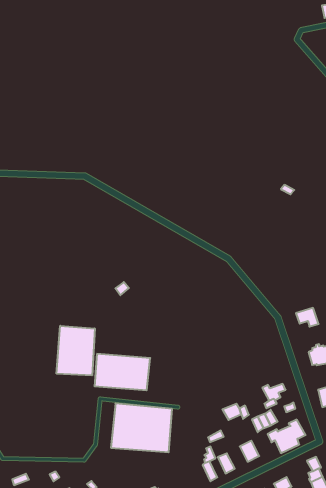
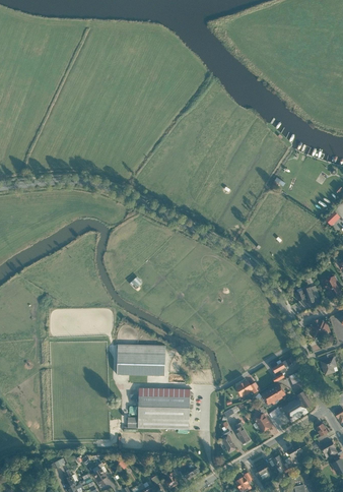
building: [57,326,95,375] -> none

